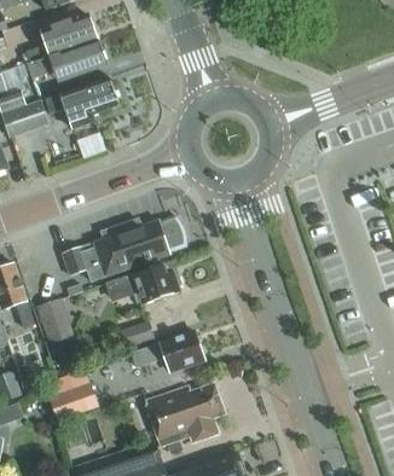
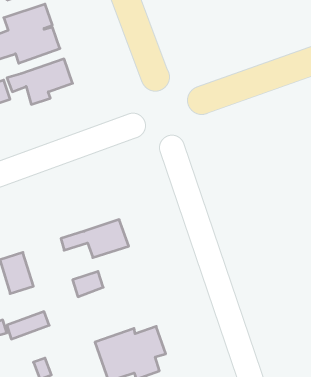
building: [62,215,186,281] -> none
building: [131,331,203,372] -> none
building: [48,382,100,420] -> none

